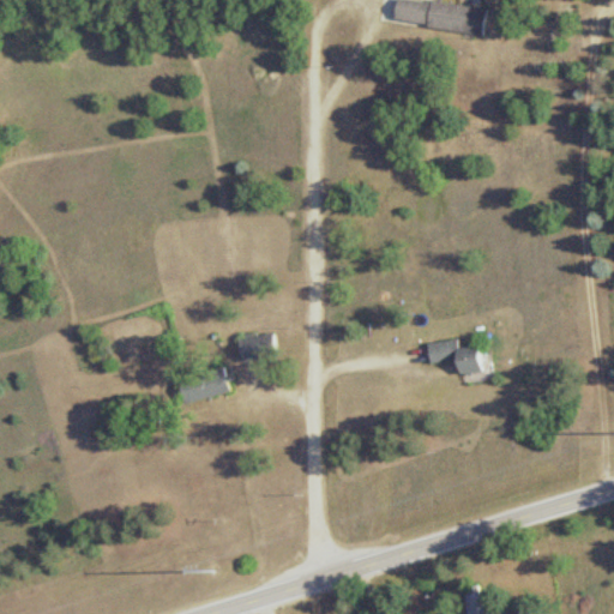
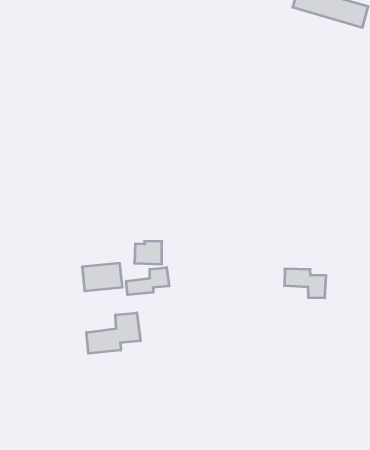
building: none -> [126,267,169,295]
building: none -> [86,313,140,353]

